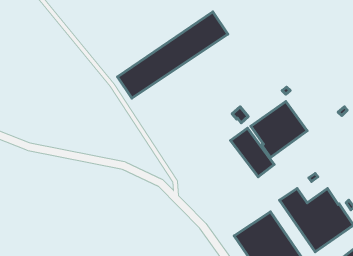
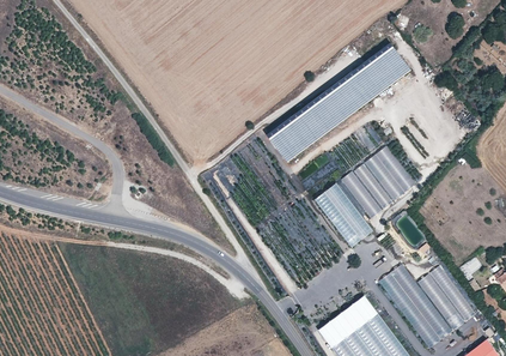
building: [118,12,228,98] -> [263,44,411,161]

